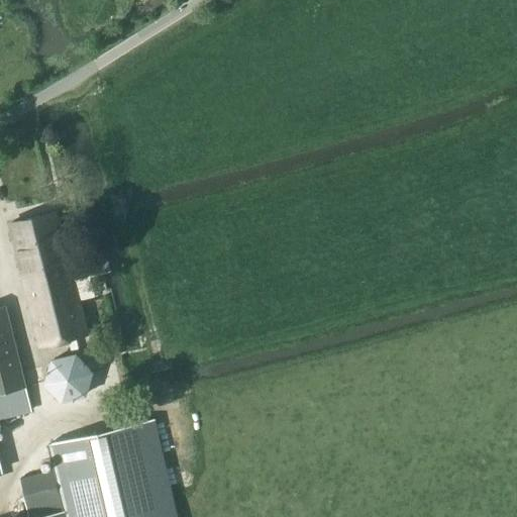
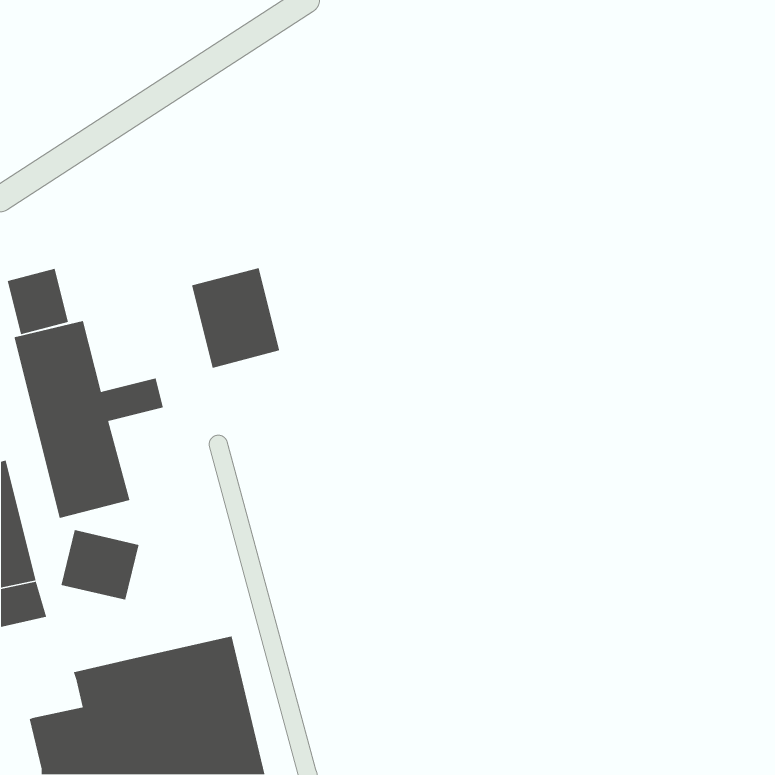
building: none -> [191,267,280,369]
building: none -> [7,268,69,335]

